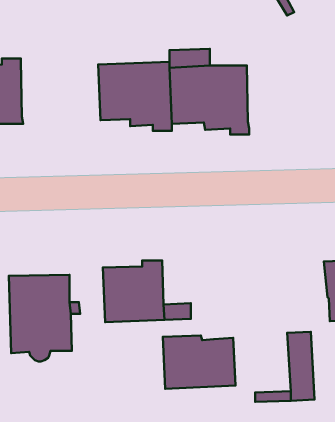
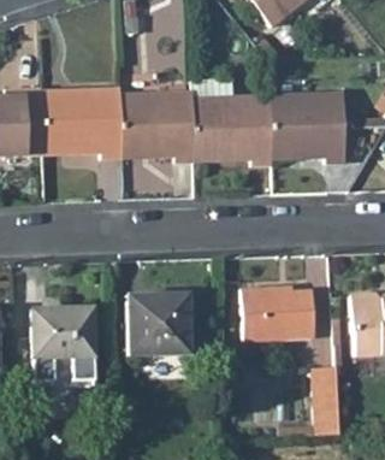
building: none -> [43,88,124,159]
building: none -> [272,94,346,164]
building: [163,336,235,389] -> [242,287,315,341]

